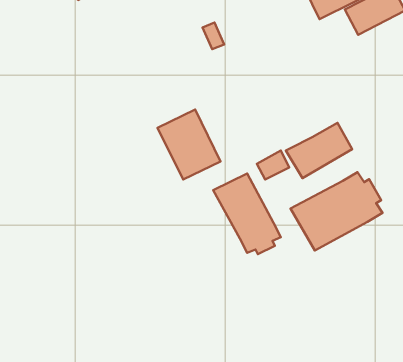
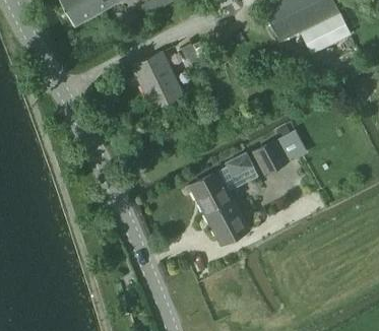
building: [158,110,220,180] -> [130,51,183,110]
building: [290,172,383,251] -> none

